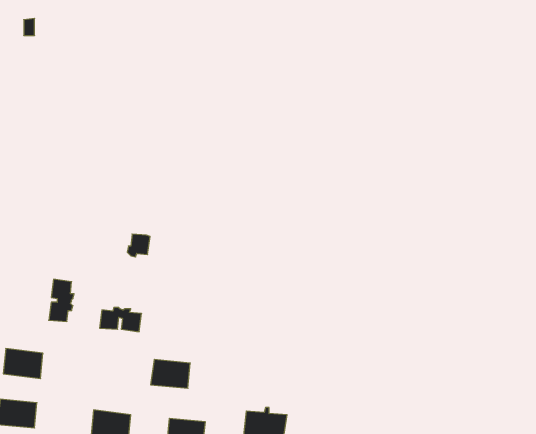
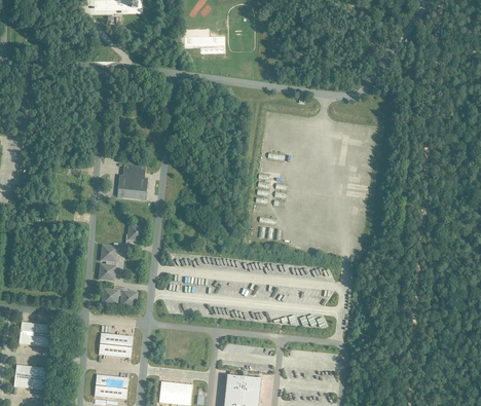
building: none -> [116,164,147,200]
building: [49,279,74,321] -> [98,245,119,281]
building: [151,359,190,388] -> [98,333,132,358]

